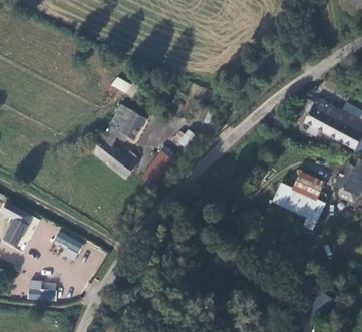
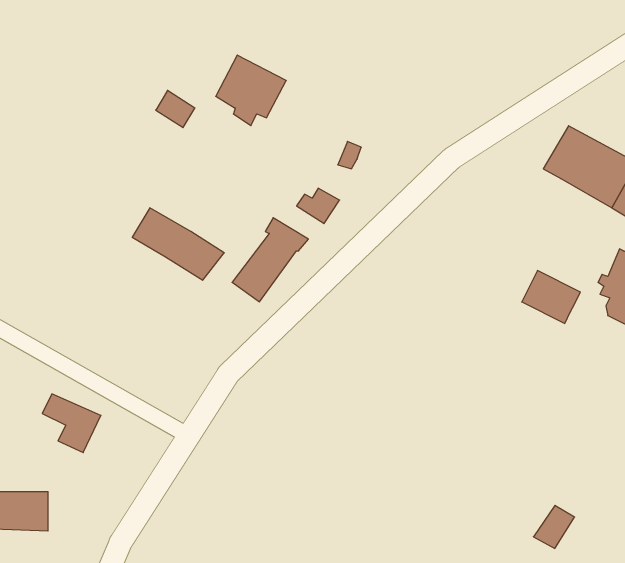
building: [112,105,148,141] -> [216,55,286,126]
building: [272,181,329,221] -> none

